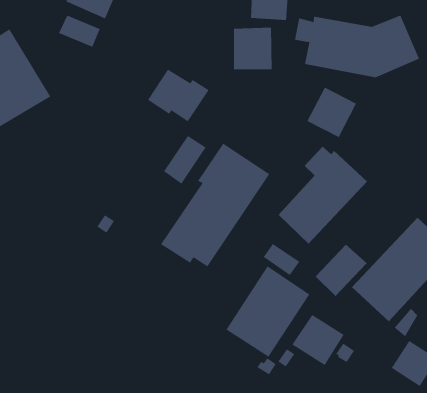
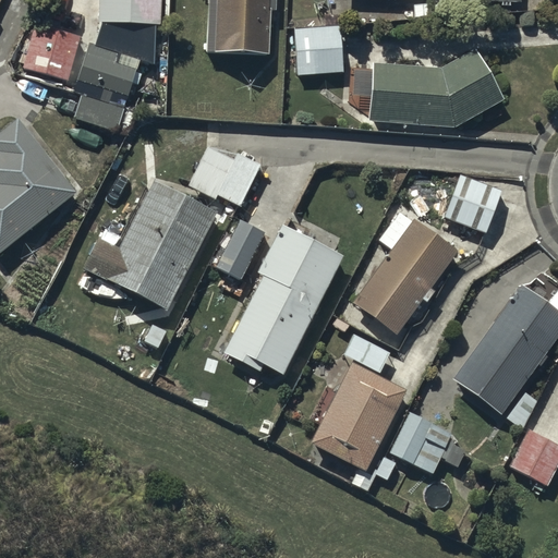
building: [233,27,272,70] -> none
building: [307,87,357,138] -> [445,174,501,232]
building: none -> [86,180,218,310]
building: [315,244,368,297] -> none

